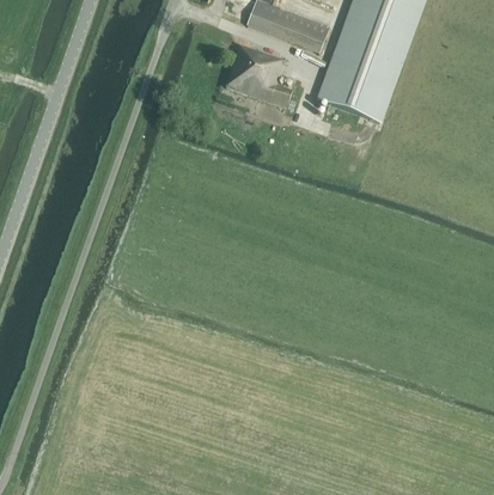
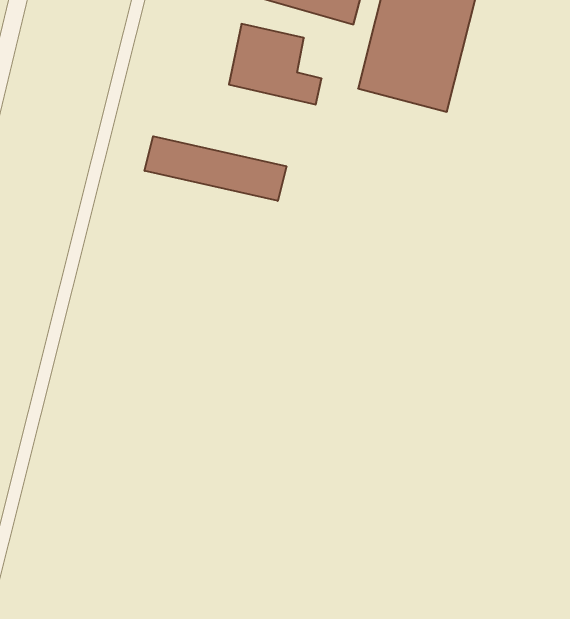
building: none -> [145,136,286,201]

